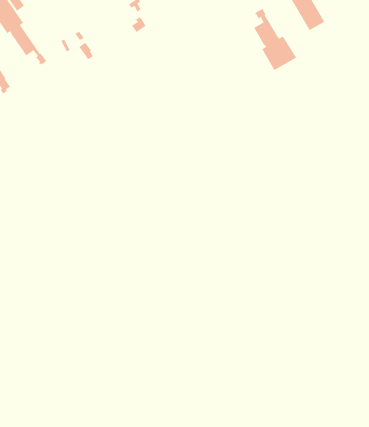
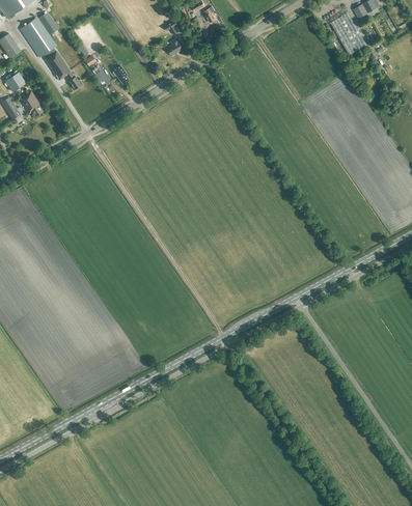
building: [253,8,297,71] -> none

